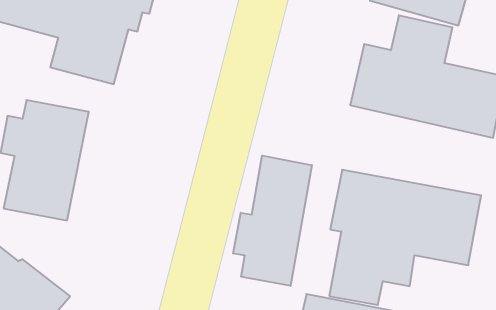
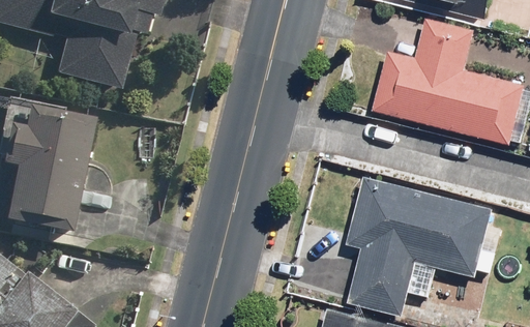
building: [233,156,312,286] -> none

